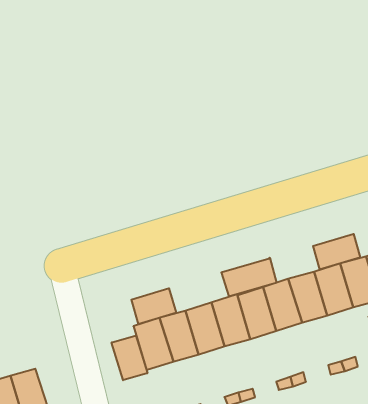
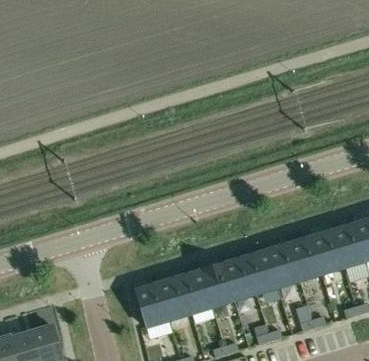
building: [313,234,360,270] -> none
building: [221,258,276,297] -> none
building: [131,288,176,324] -> none
building: [112,335,147,380] -> none

